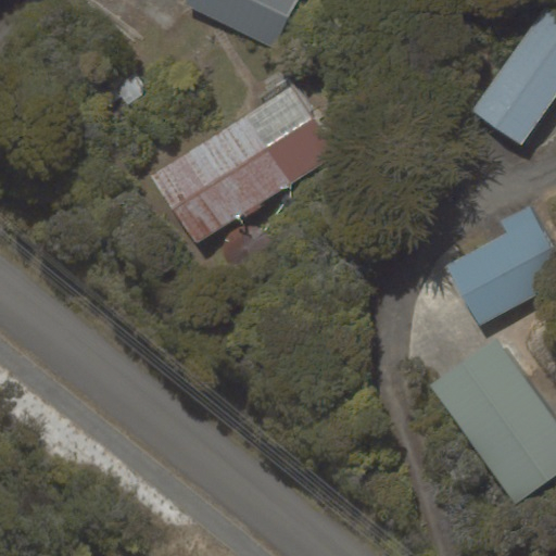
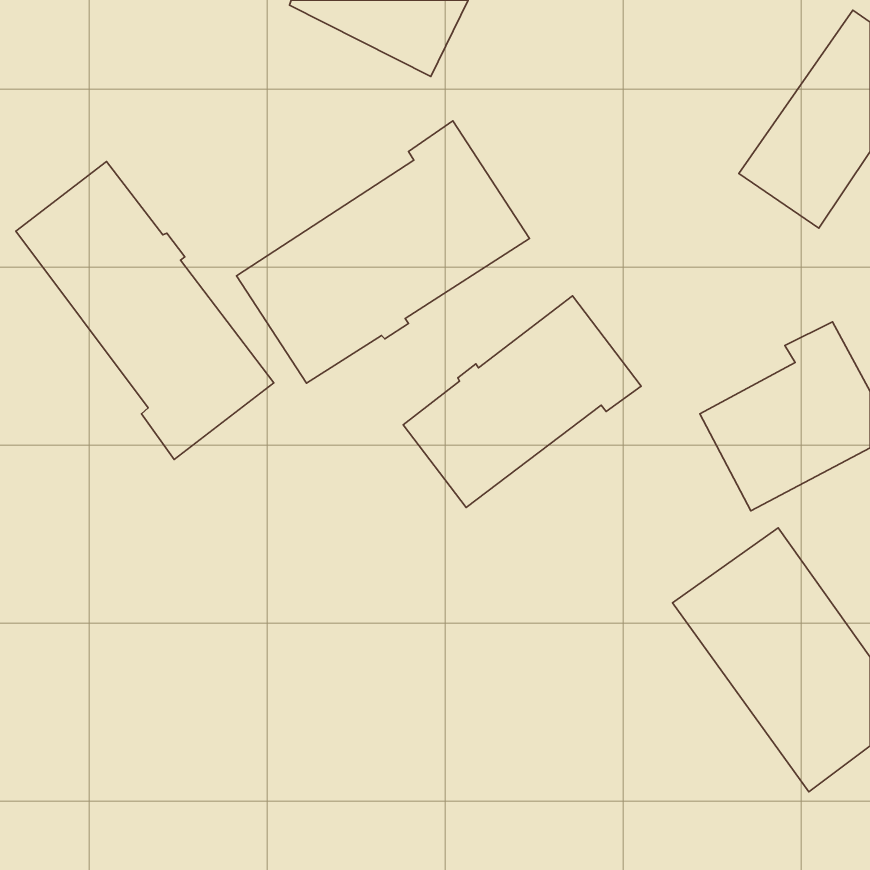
building: none -> [16,161,274,459]
building: none -> [403,296,641,507]

